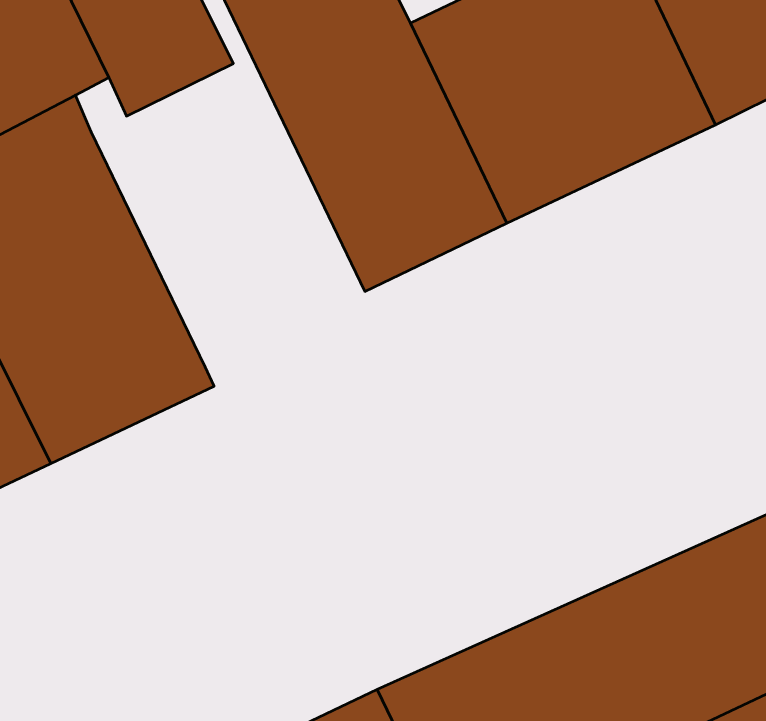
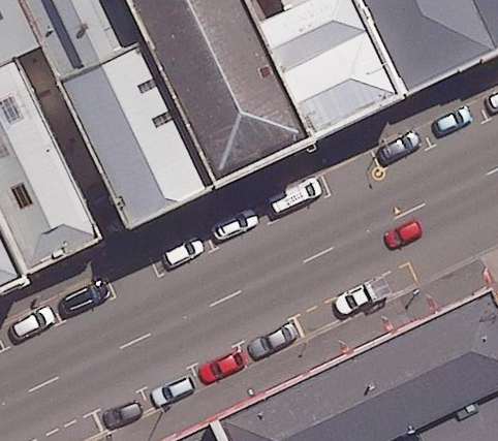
building: none -> [58,42,209,221]

